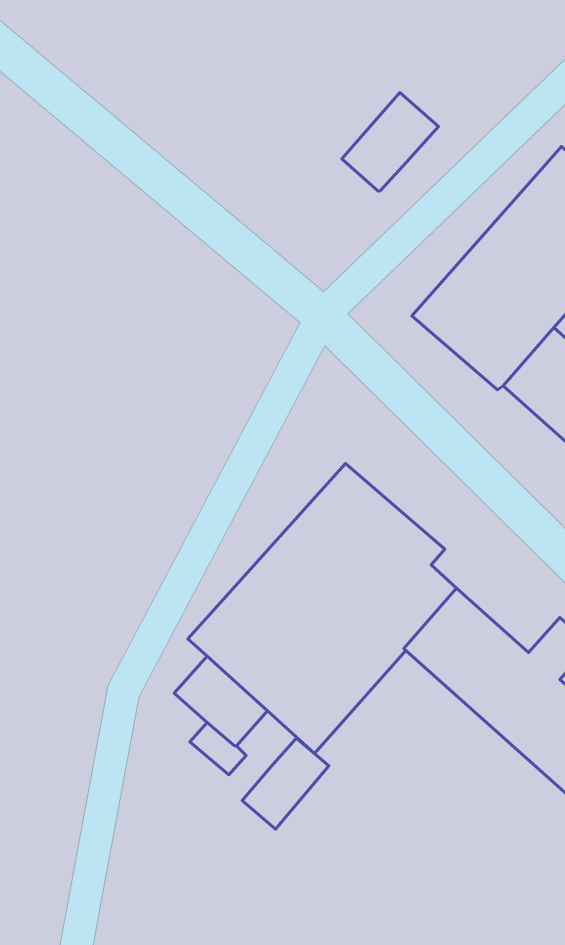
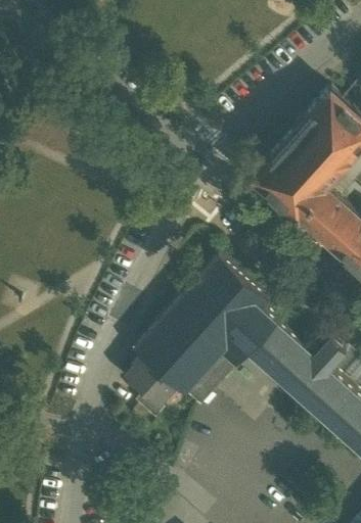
building: [342,93,438,191] -> none
building: [242,739,329,829] -> none

